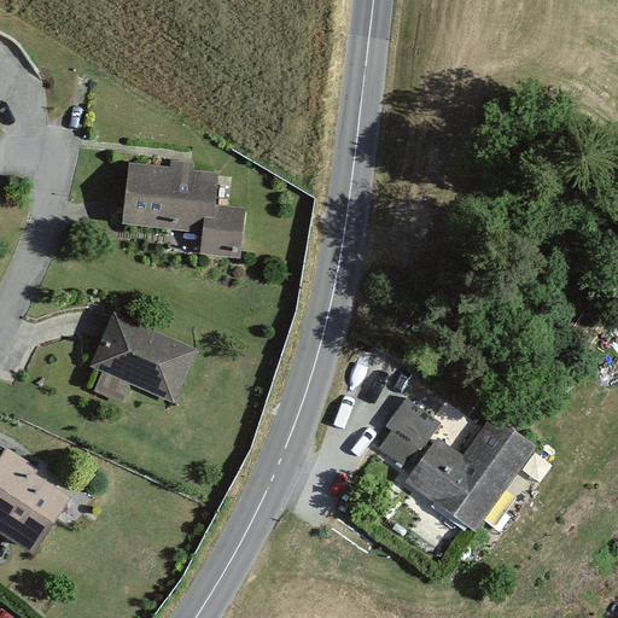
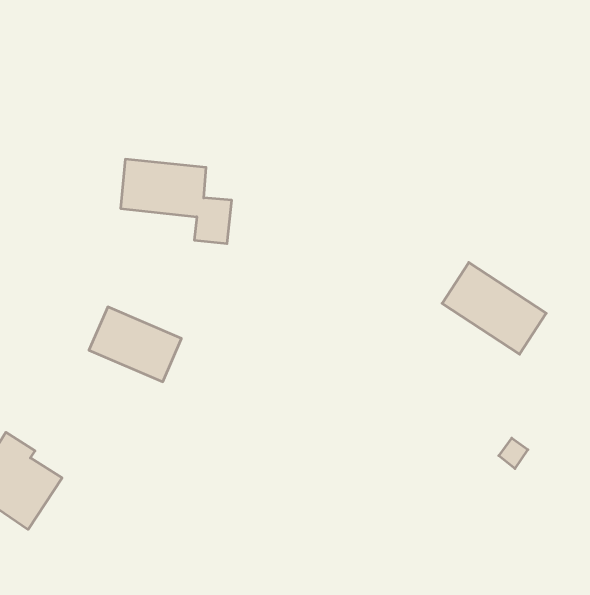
building: none -> [442,262,546,354]
building: [383,401,532,520] -> none

